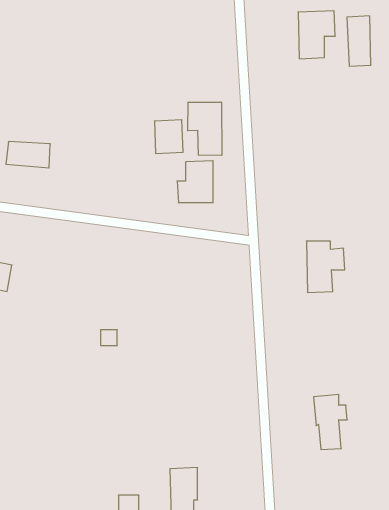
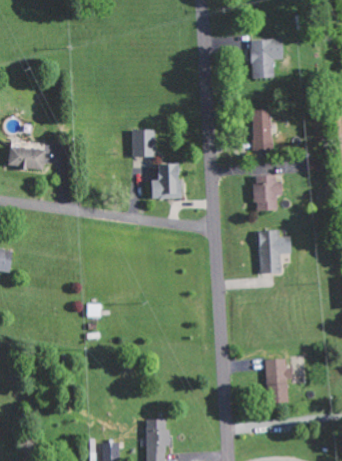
building: [347,16,371,66] -> [252,109,272,151]
building: [188,102,222,155] -> none
building: none -> [254,174,280,211]

